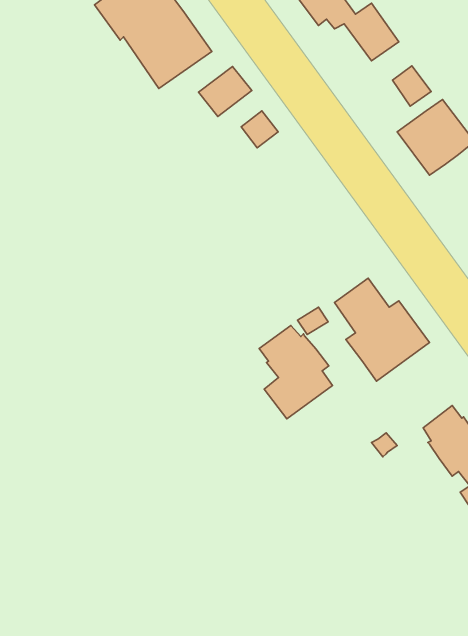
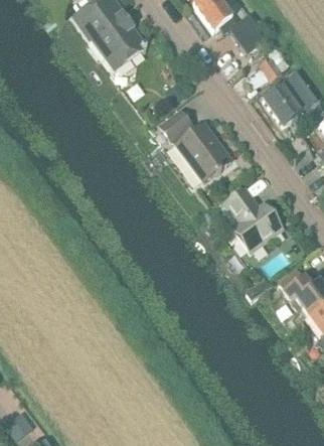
building: [199,67,252,116] -> [159,110,192,141]
building: none -> [175,122,231,180]
building: [259,326,333,419] -> none

